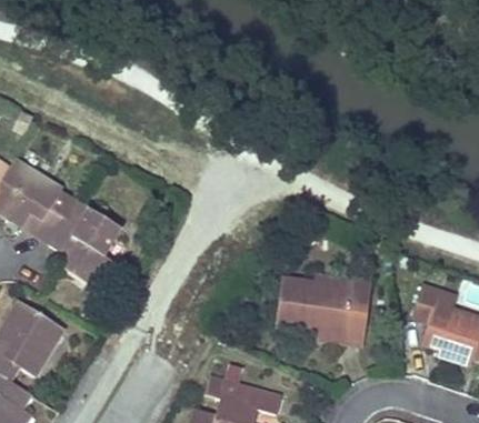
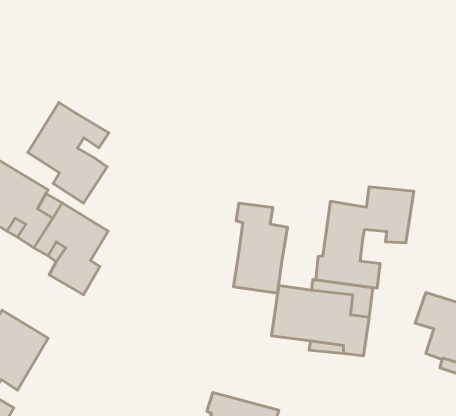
building: none -> [28,103,109,203]
building: none -> [316,187,414,288]
building: none -> [234,203,288,293]

